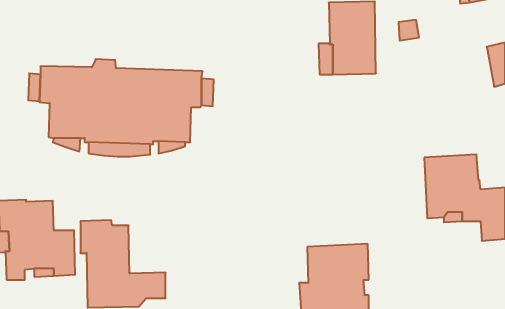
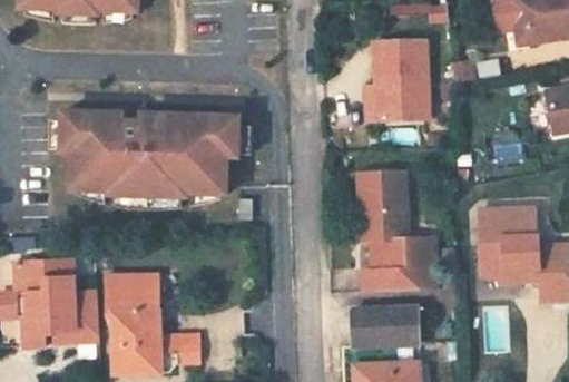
building: none -> [357,167,435,288]

